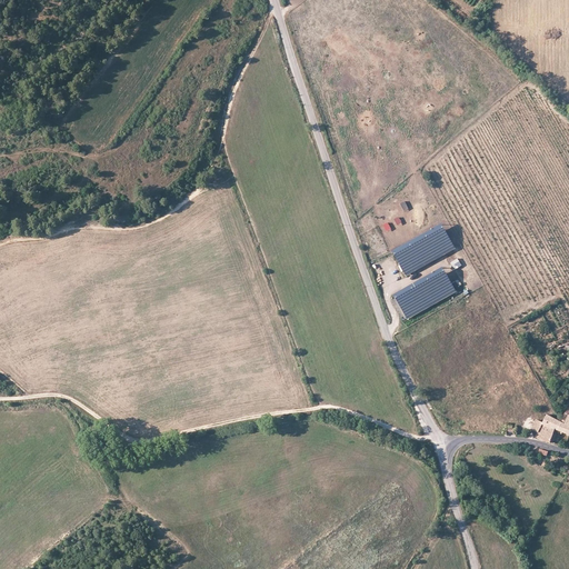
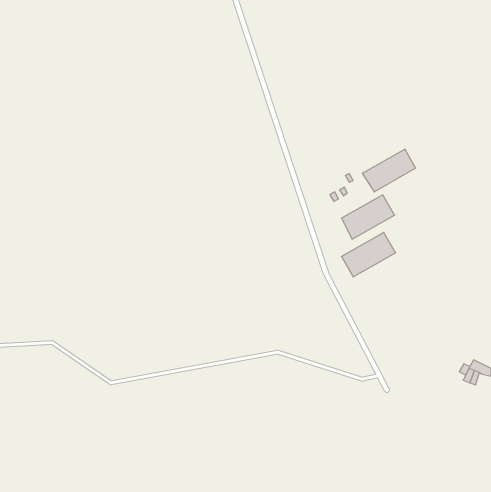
building: none -> [362,149,416,192]

